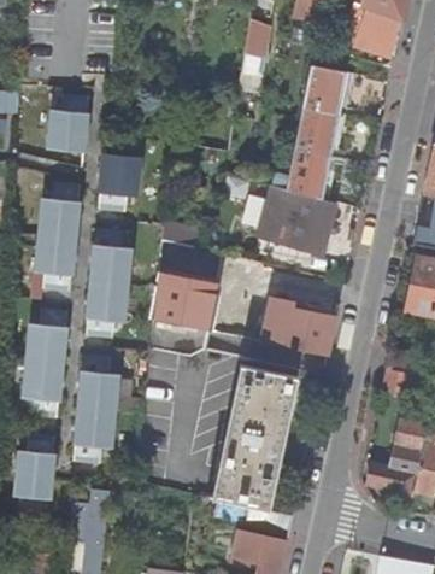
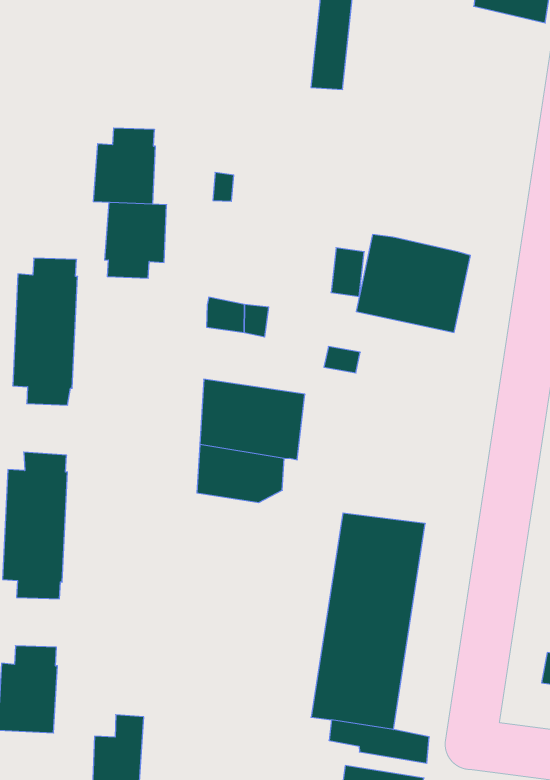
building: [287,65,355,201] -> none
building: [47,102,89,153] -> [93,128,155,204]
building: [87,236,133,334] -> none
building: [261,298,336,353] -> none
building: [74,363,119,459] -> none

